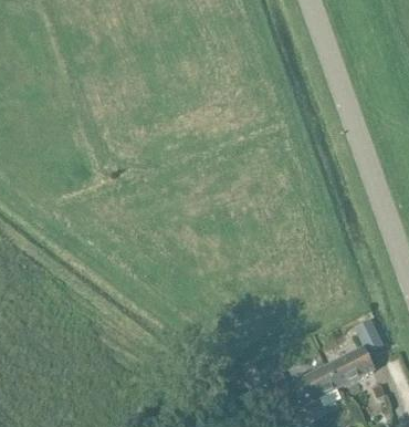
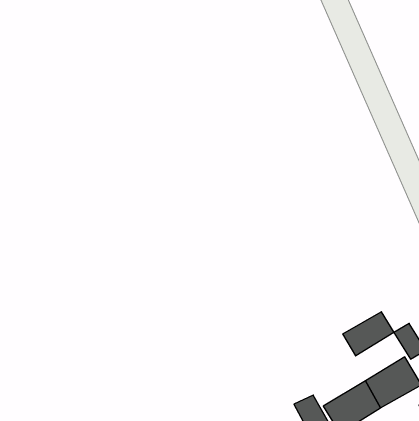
building: none -> [343,312,394,356]

